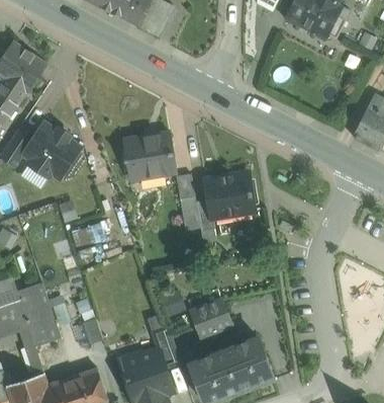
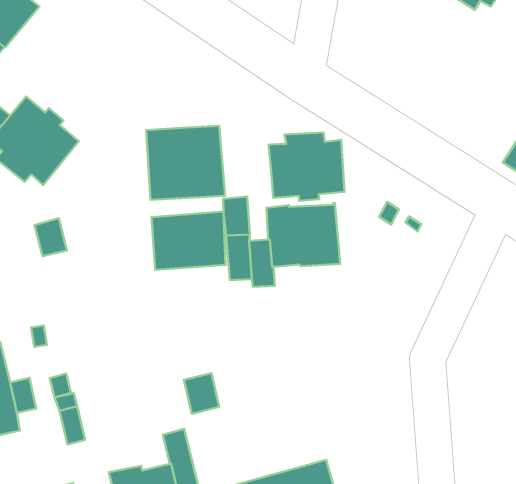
building: none -> [269,133,344,201]
building: none -> [152,211,226,270]
building: [191,293,231,336] -> none

